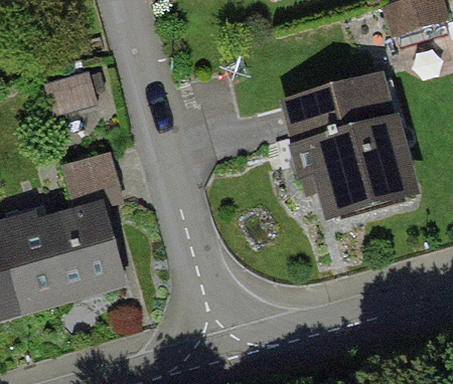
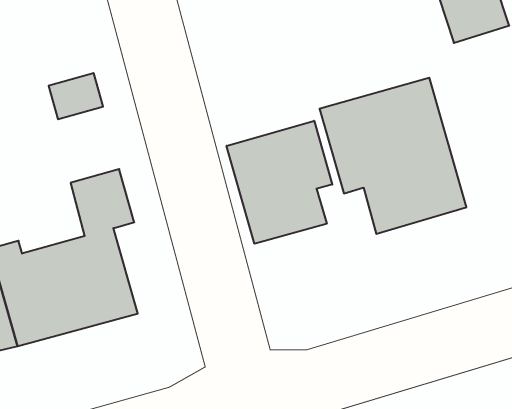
building: none -> [227,121,332,244]

